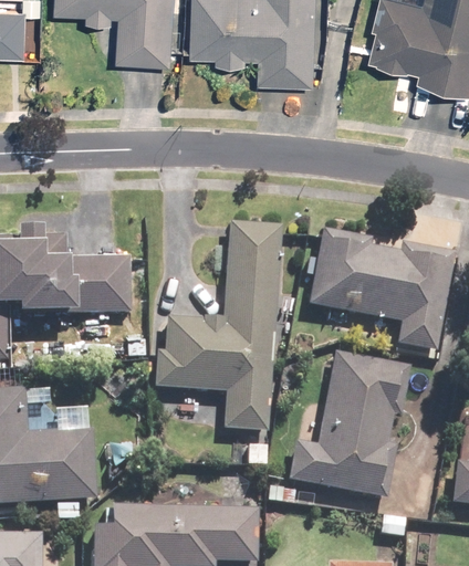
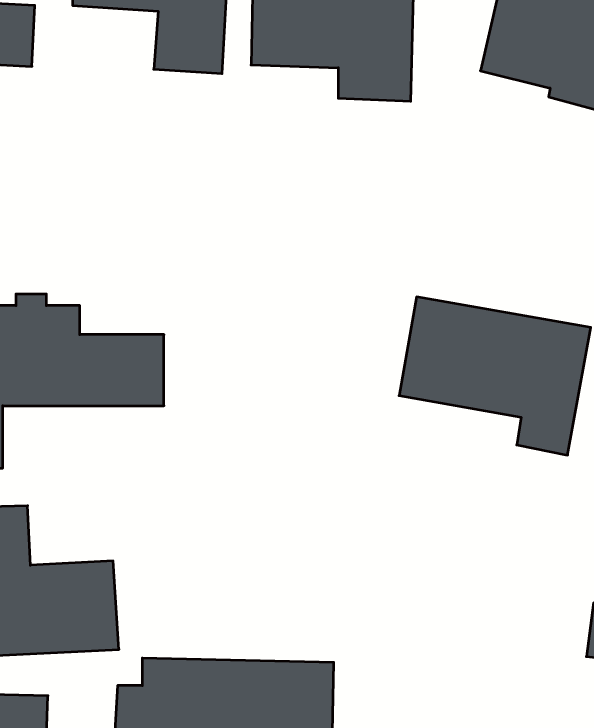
building: [157,222,279,431] -> none
building: [288,352,409,497] -> none

